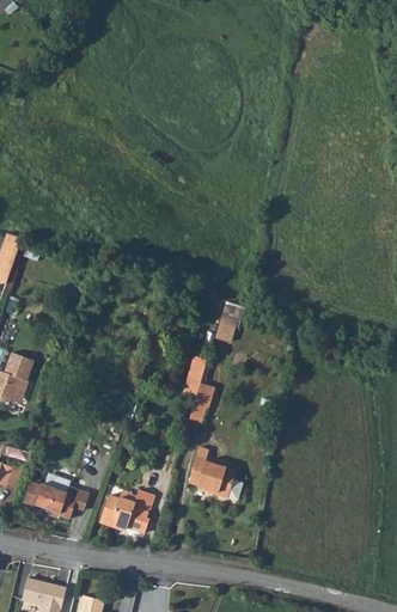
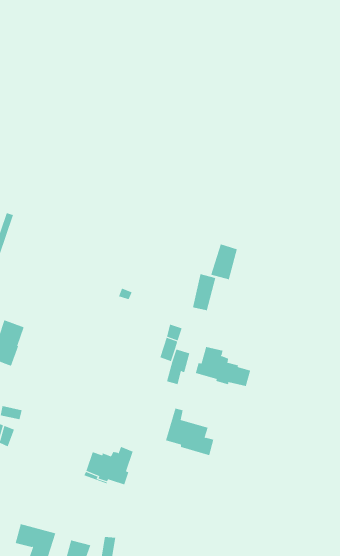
building: none -> [211,244,238,280]
building: none -> [195,346,251,387]
building: [22,481,88,518] -> none

